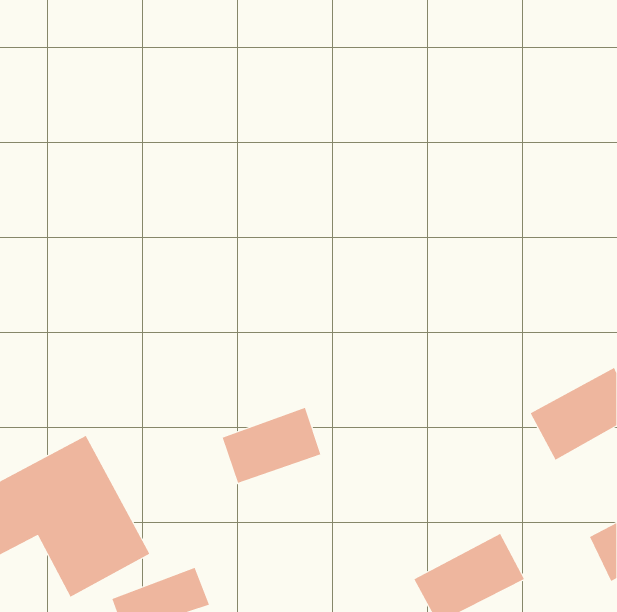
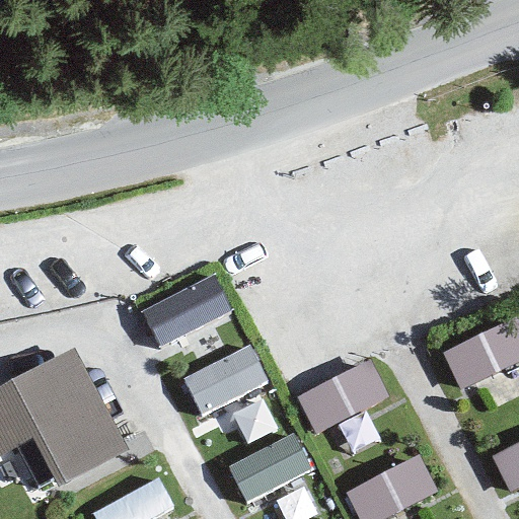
building: none -> [142,274,237,352]
building: none -> [297,357,390,435]
building: none -> [228,434,311,500]

